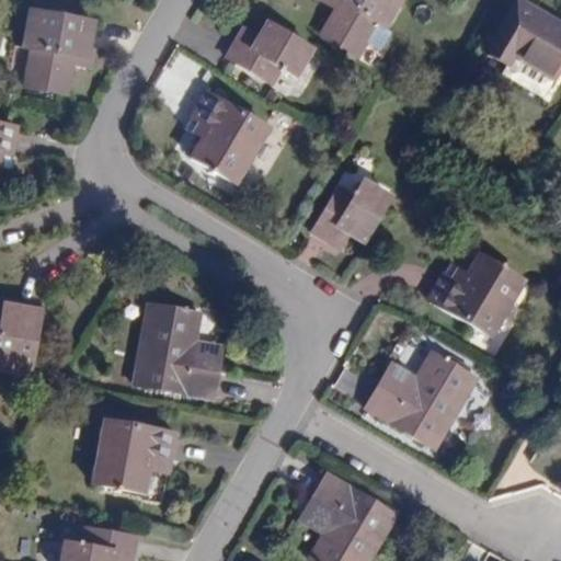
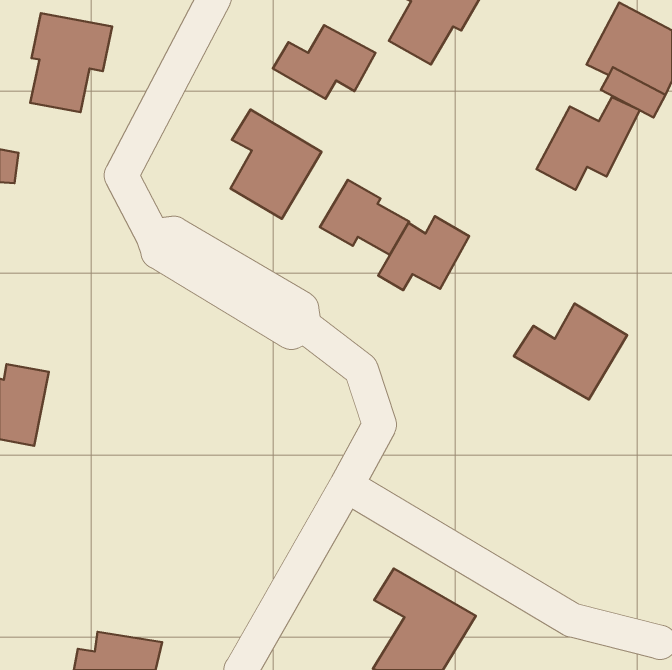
building: none -> [536,97,640,190]
building: none -> [320,180,409,255]
building: [135,304,216,396] -> none
building: [366,351,474,448] -> none
building: [96,421,174,491] -> none

